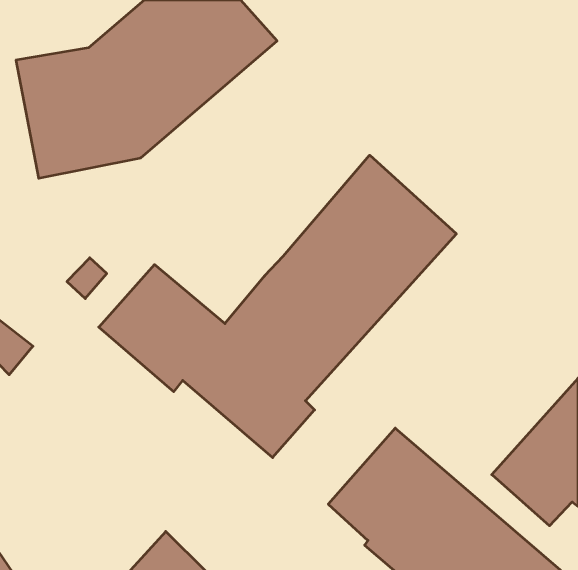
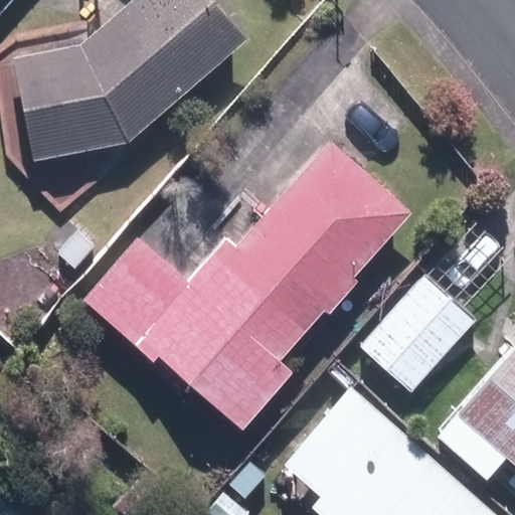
building: none -> [359,274,474,387]

